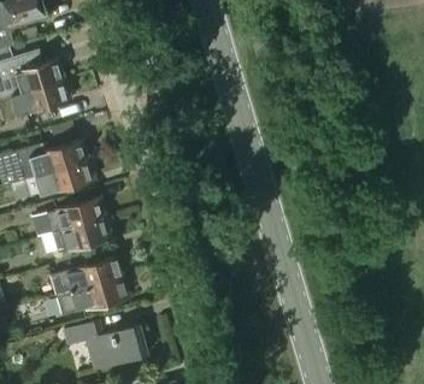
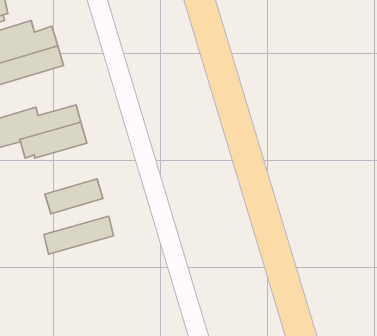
building: [46,197,106,234] -> none
building: [55,277,129,317] -> none
building: [64,320,147,370] -> none

